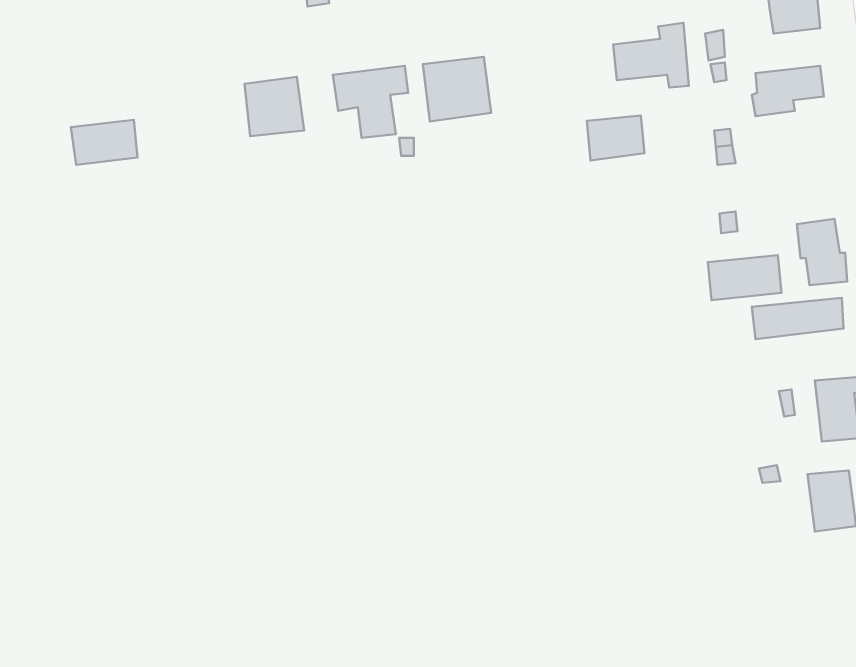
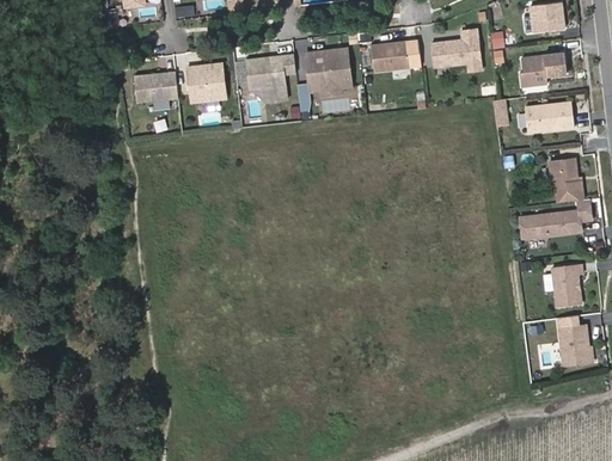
building: [587,115,644,160] -> [371,43,409,73]
building: [71,120,137,165] -> [131,70,176,100]
building: [708,255,782,300] -> [528,100,577,130]

